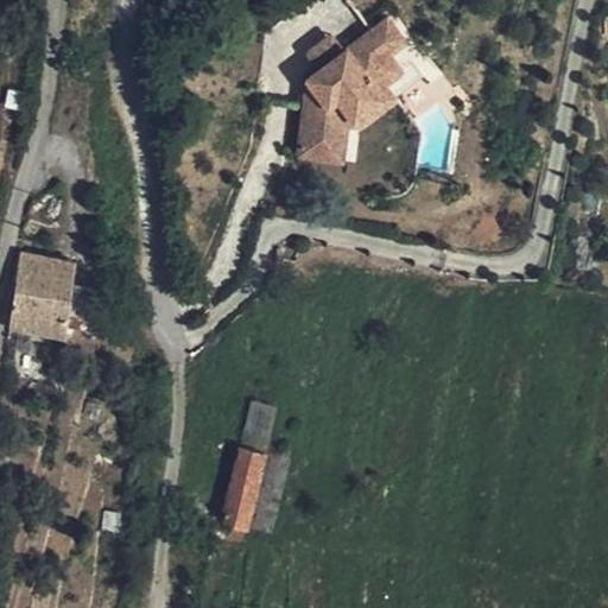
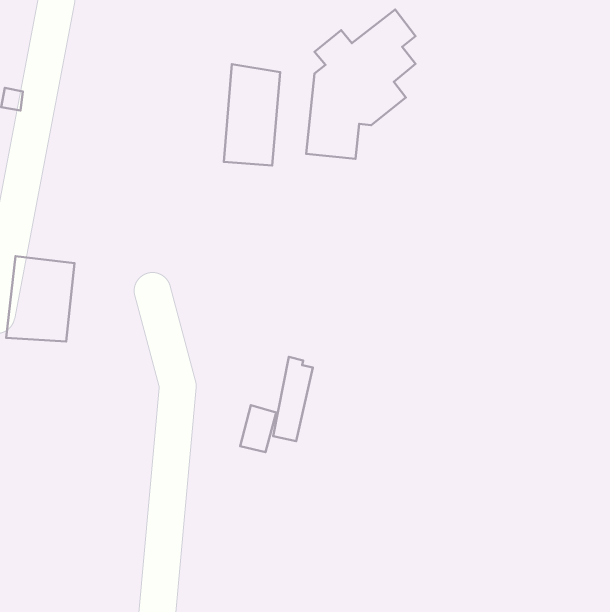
building: none -> [224,64,280,166]
building: [223,450,262,533] -> [273,357,313,441]

